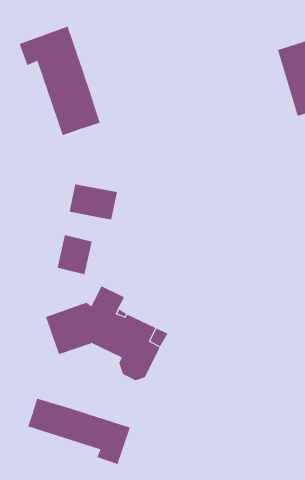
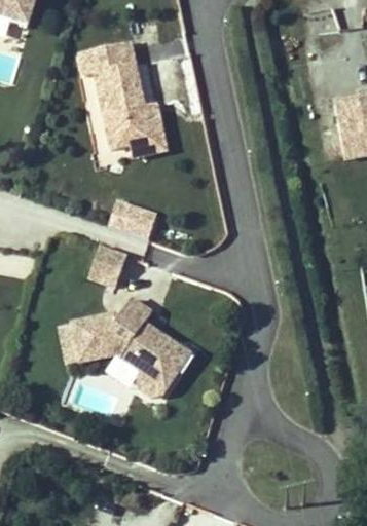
building: none -> [130,103,167,157]
building: [28,398,130,465] -> none

